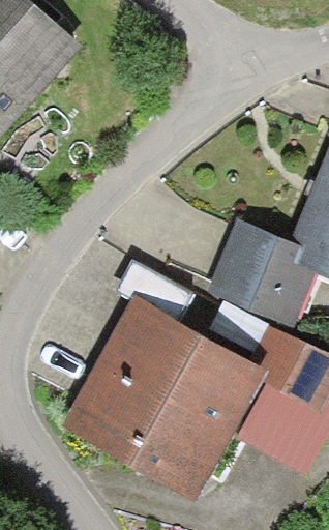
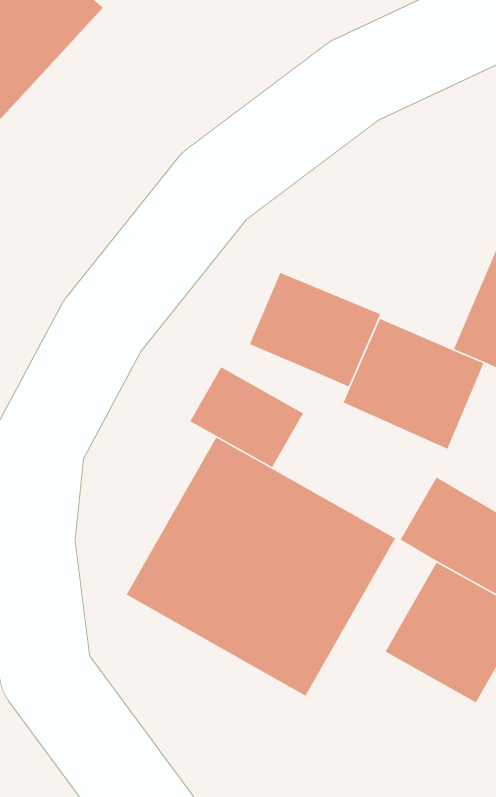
building: none -> [249,272,381,388]

